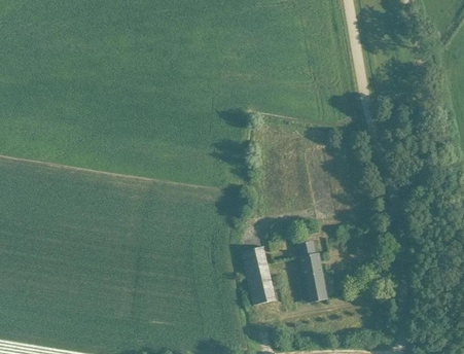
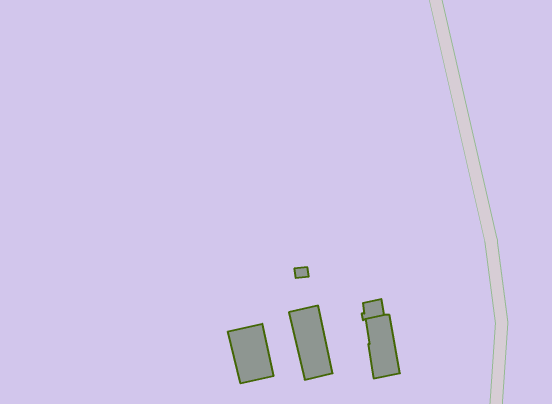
building: none -> [228,324,273,383]

